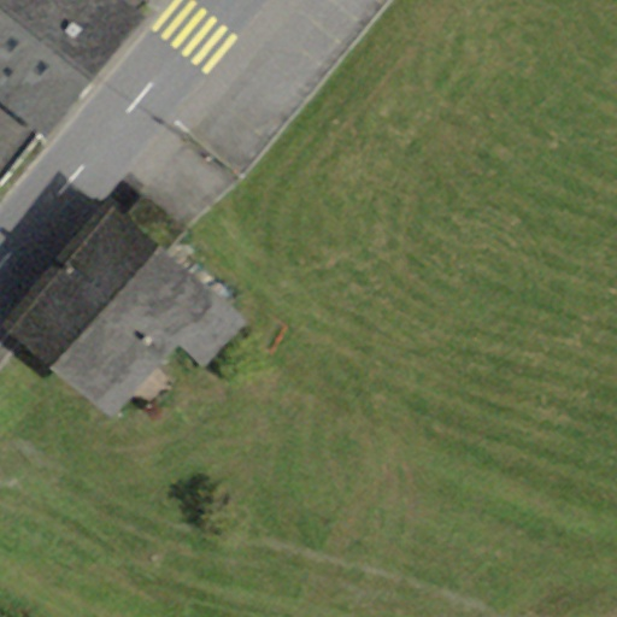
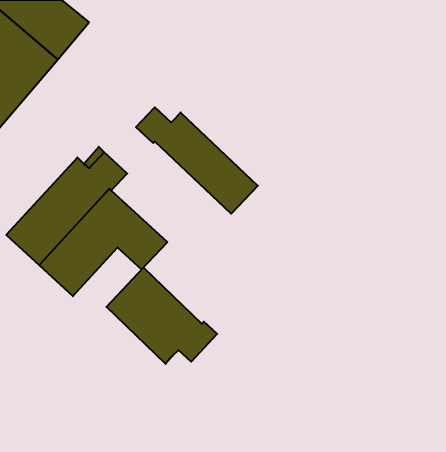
building: none -> [136,107,258,214]
building: none -> [106,267,217,364]

